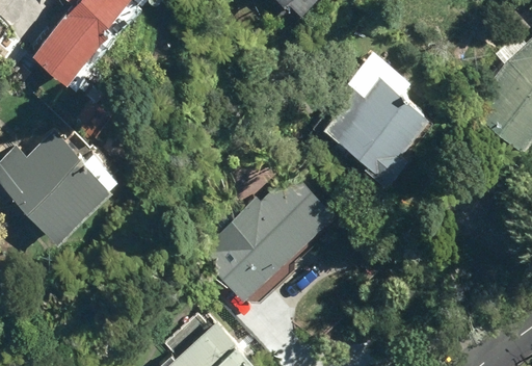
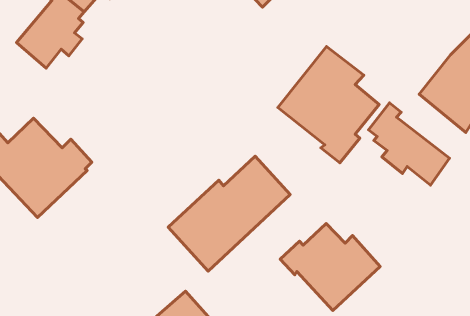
building: none -> [369,103,450,185]
building: none -> [280,224,380,310]

